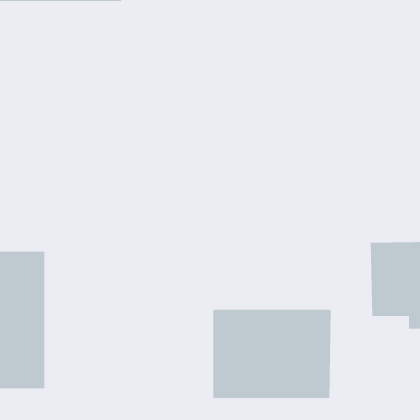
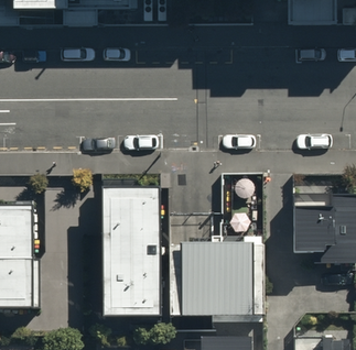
building: none -> [105,186,166,314]

